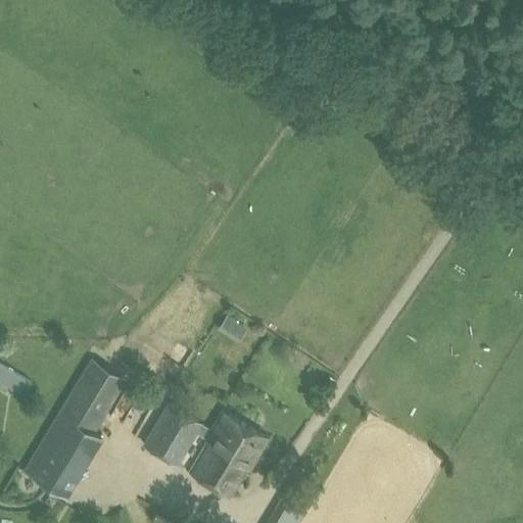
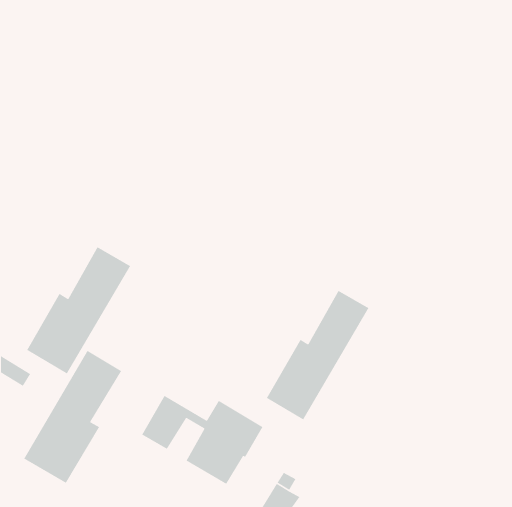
building: none -> [26,246,131,375]
building: none -> [266,290,370,421]

